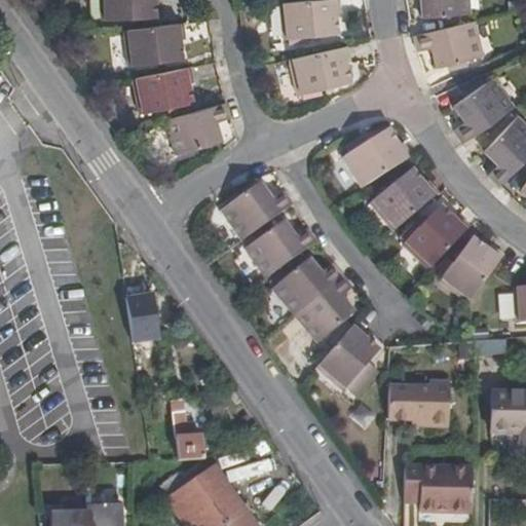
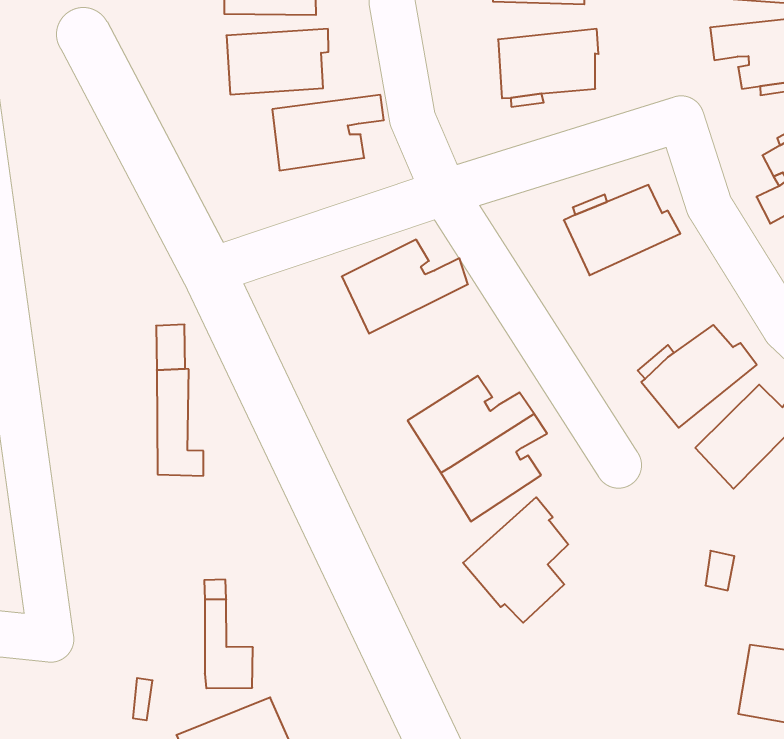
building: [373,171,442,231] -> none
building: [245,220,318,278] -> none
building: [385,377,447,422] -> none

